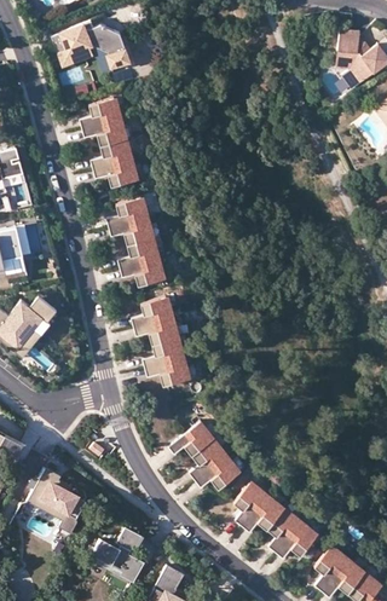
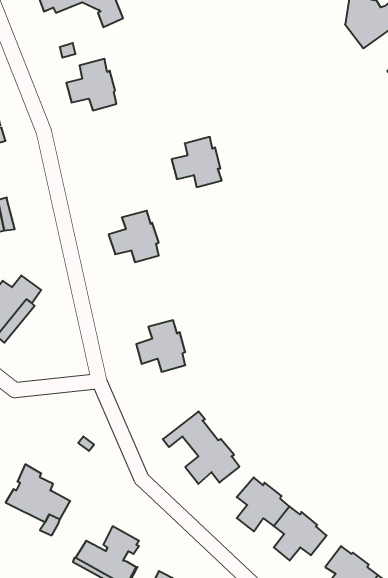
building: [92,139,137,186] -> none
building: [108,197,154,243] -> [172,137,222,187]
building: [132,296,178,343] -> none

